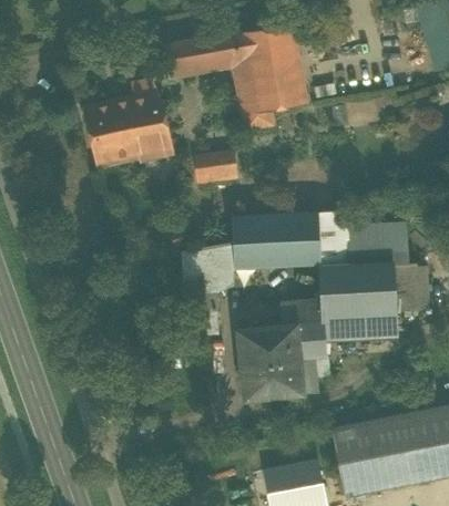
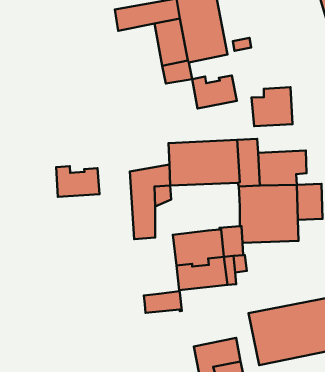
building: [84,74,174,167] -> none
building: none -> [192,75,237,108]
building: none -> [251,87,292,126]
building: [194,148,232,178] -> none
building: none -> [56,166,99,197]
building: [283,295,323,324] -> none
building: none -> [144,291,182,313]

